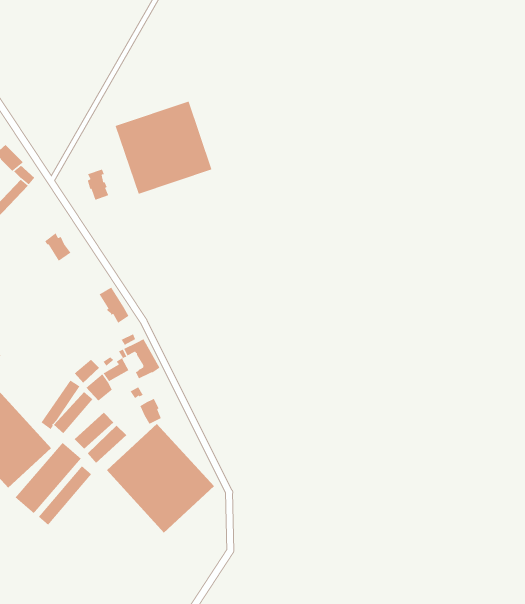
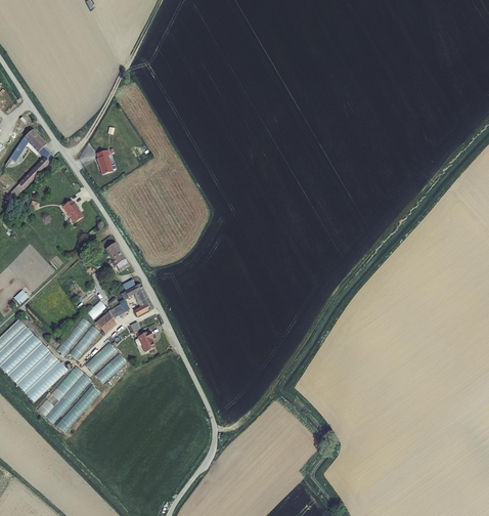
building: [115,101,212,195] -> none
building: [106,423,215,533] -> none

